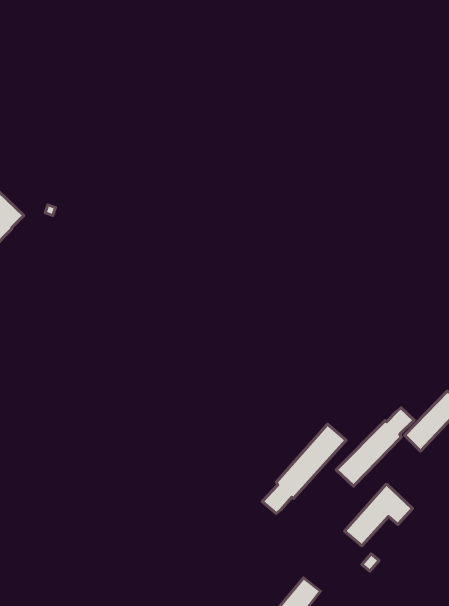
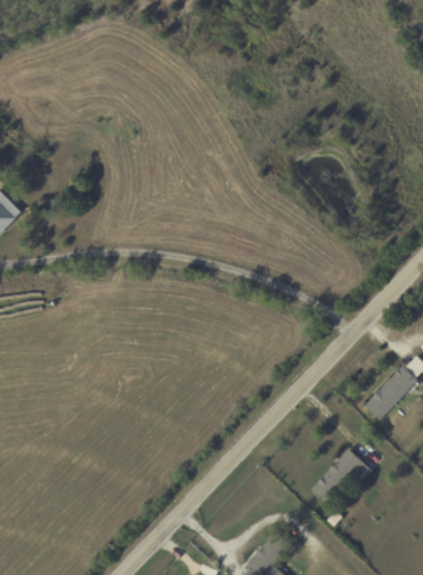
building: [336,408,414,486] -> none
building: [262,424,346,514] -> none

